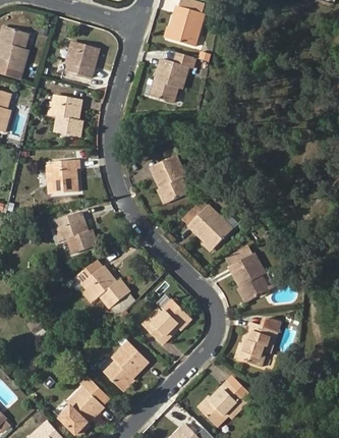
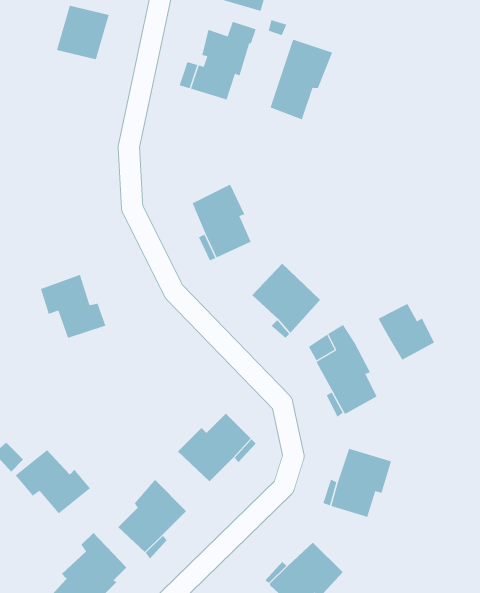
building: none -> [270,39,333,120]
building: [53,95,82,135] -> none
building: [49,160,78,193] -> none
building: none -> [378,303,435,361]
building: [82,267,130,308] -> [15,450,91,514]

